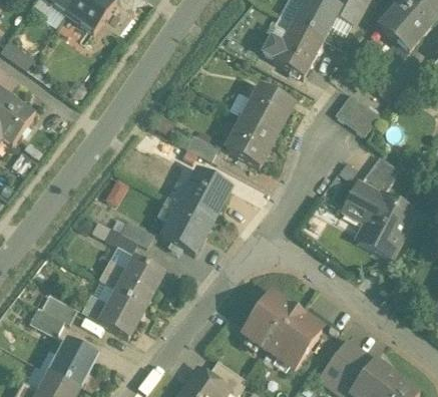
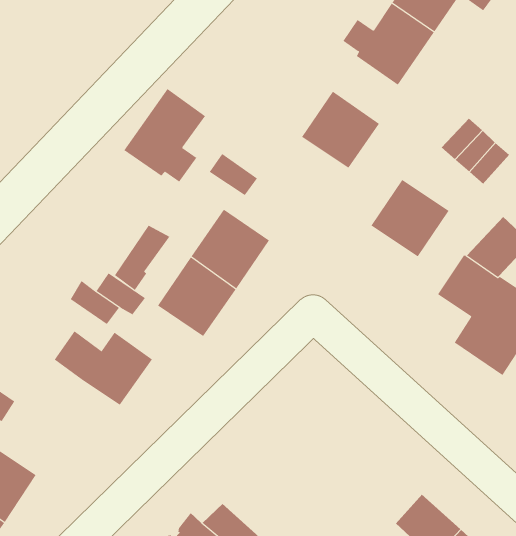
building: none -> [123,88,206,182]
building: [226,116,276,165] -> [371,179,450,257]
building: none -> [114,225,170,291]
building: [81,289,144,336] -> none
building: [243,293,321,367] -> none

